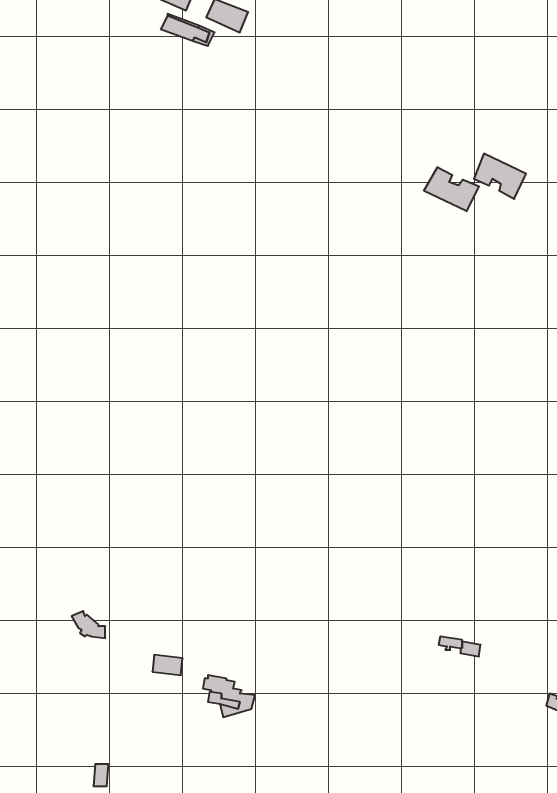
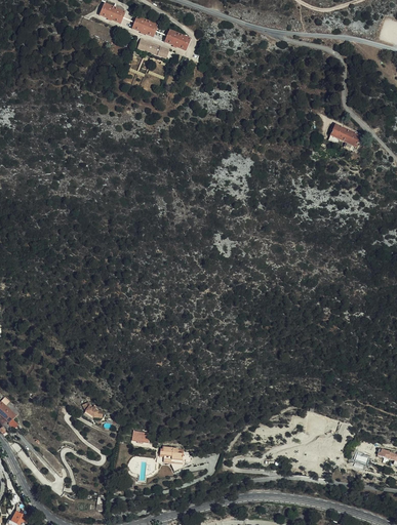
building: [424,167,479,211] -> none

